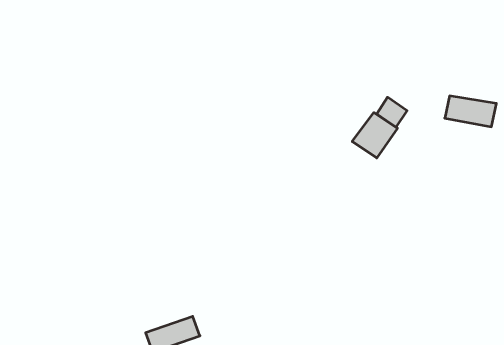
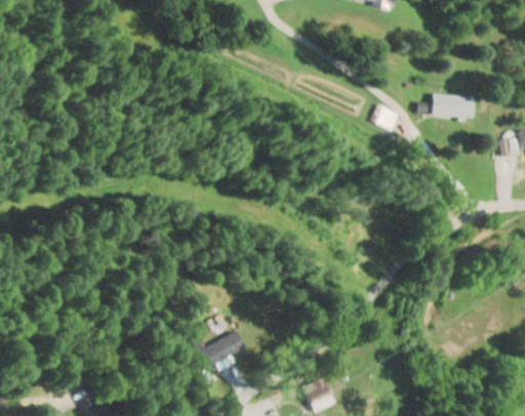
building: [352,113,397,158] -> none

